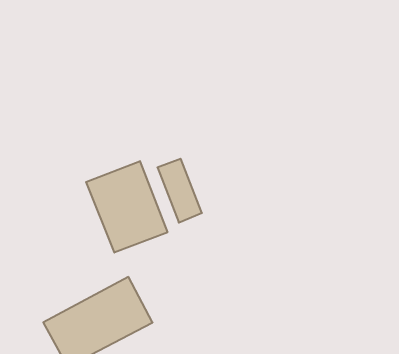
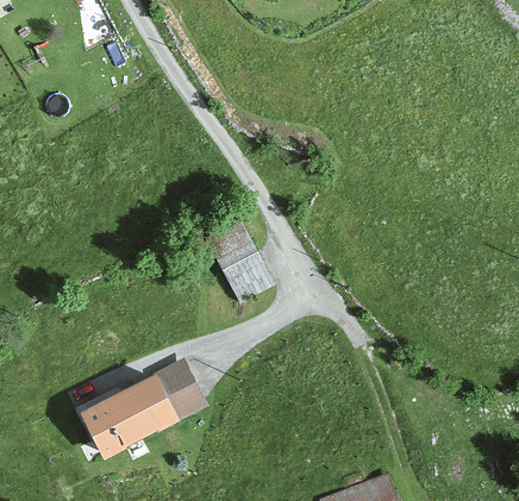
building: [86,161,167,253] -> none

